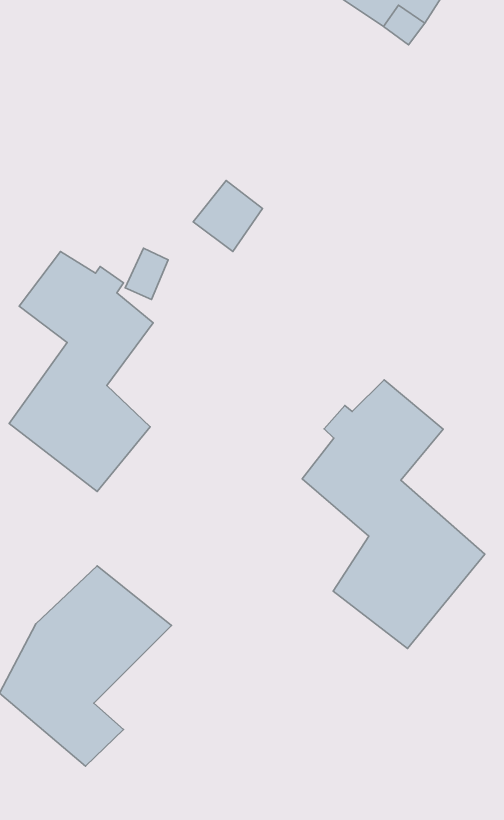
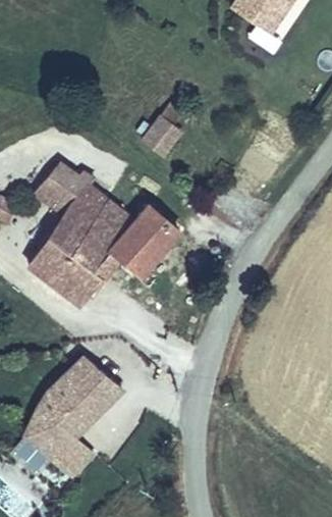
building: none -> [87,204,183,278]
building: [302,380,485,648] -> none

